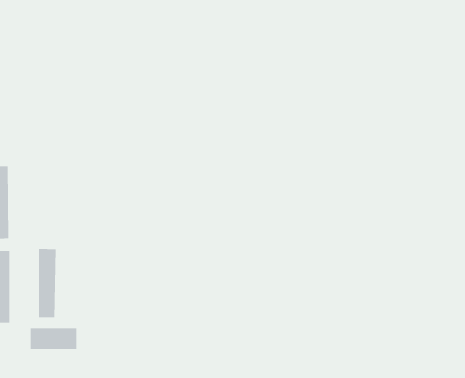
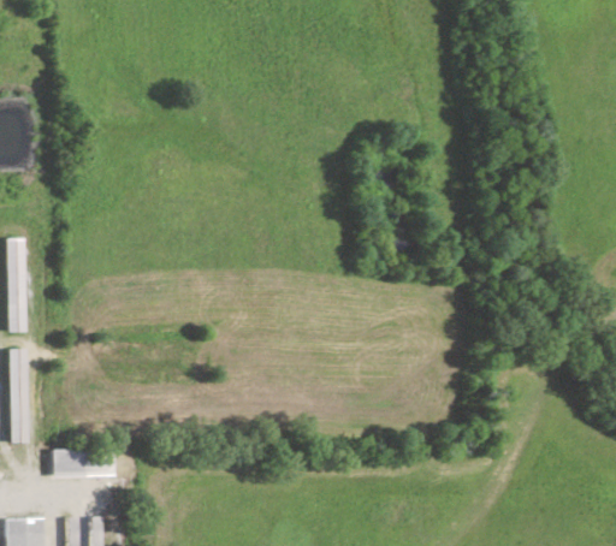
building: [38,248,56,318] -> none

